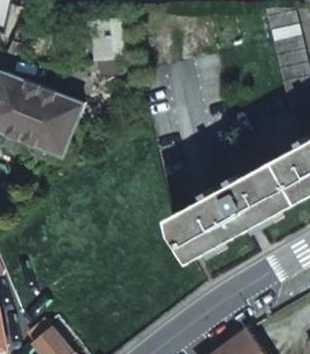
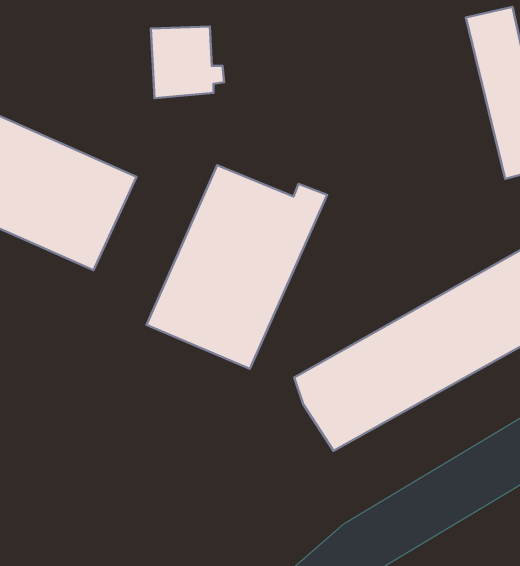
building: none -> [146,165,327,369]

